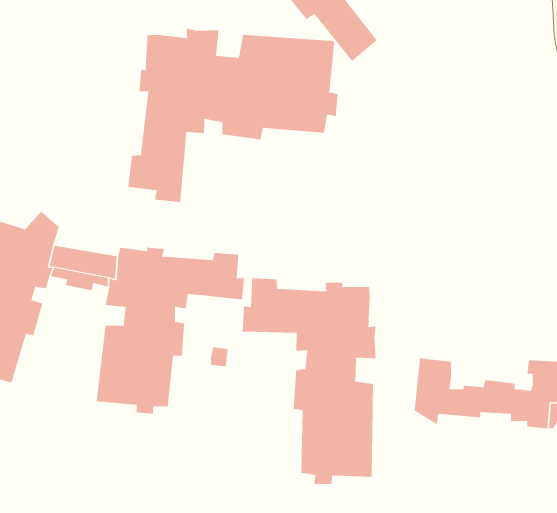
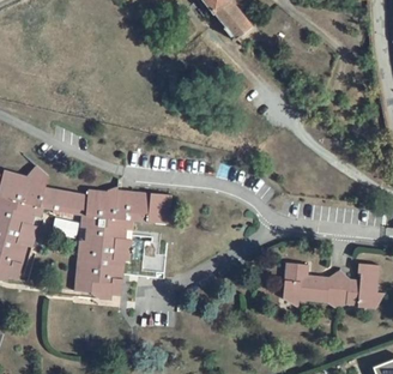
building: [128,28,338,203] -> none
building: [242,277,376,485] -> none

